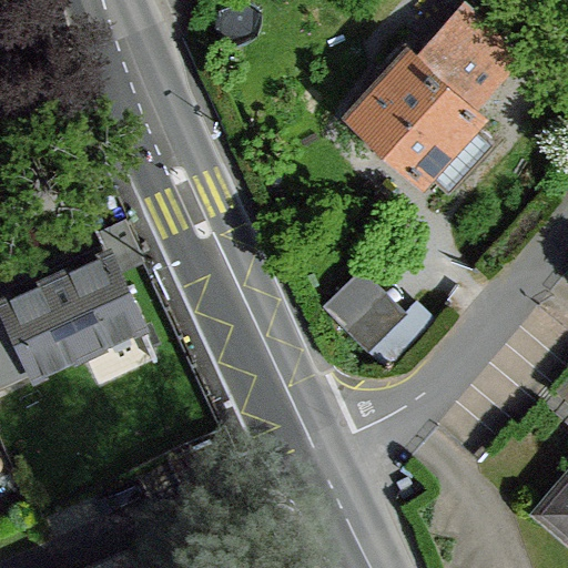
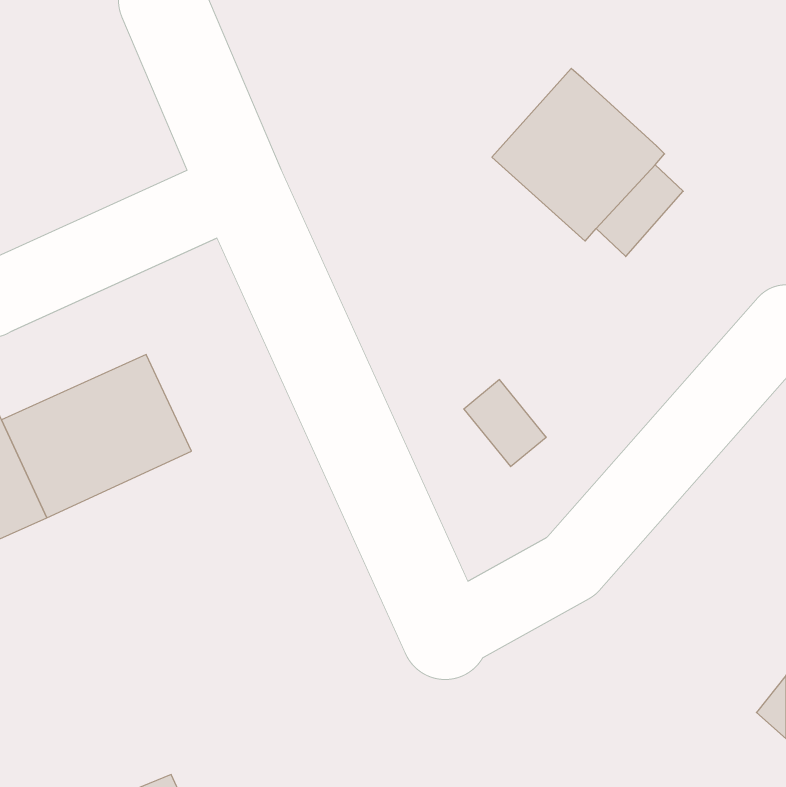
building: [416,10,515,110] -> none

